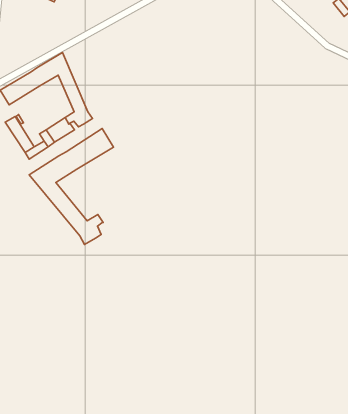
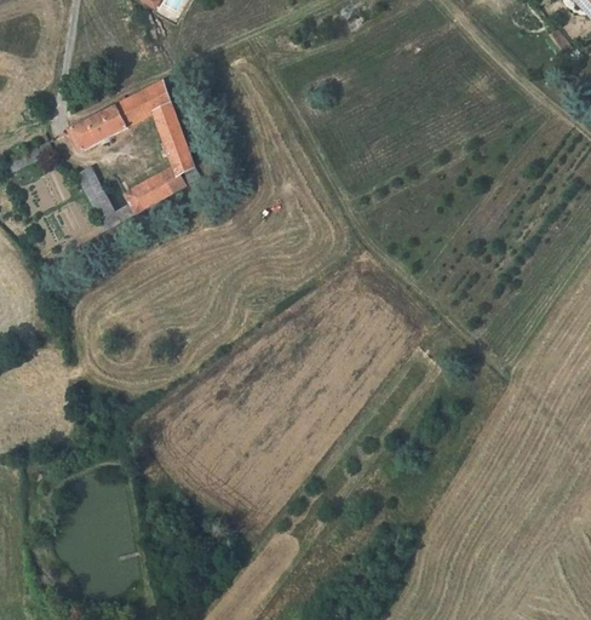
building: [29,128,113,245] -> none

